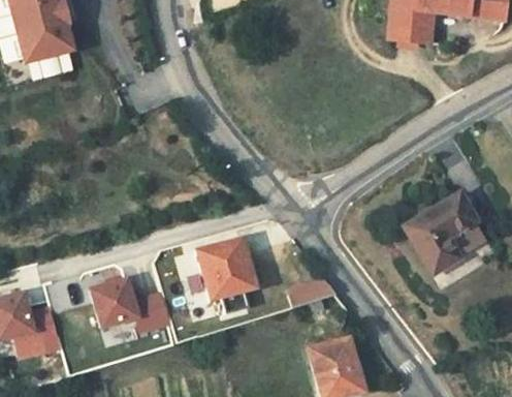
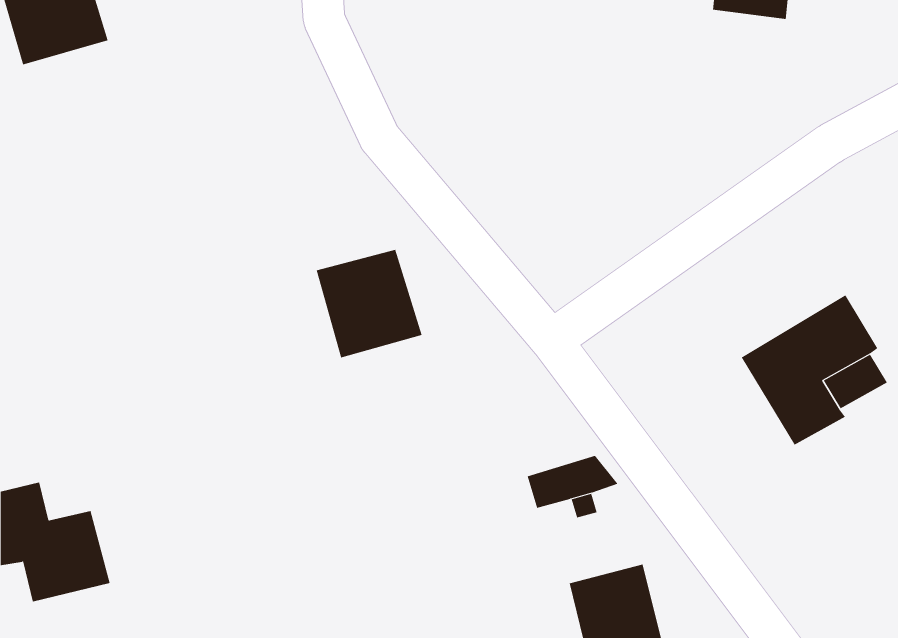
building: [198,240,256,299] -> [316,249,423,358]
building: [92,277,169,330] -> none

